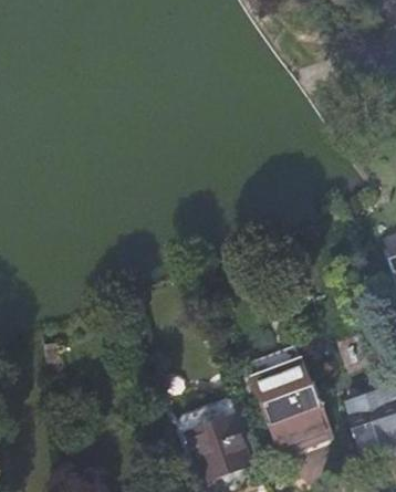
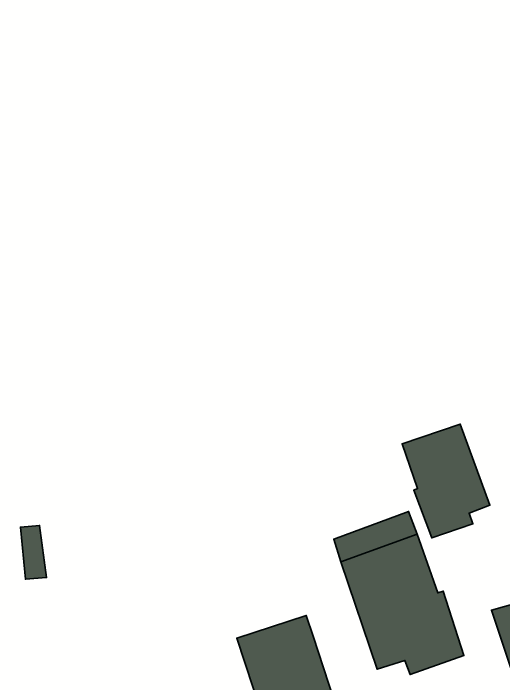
building: none -> [402,424,490,538]

